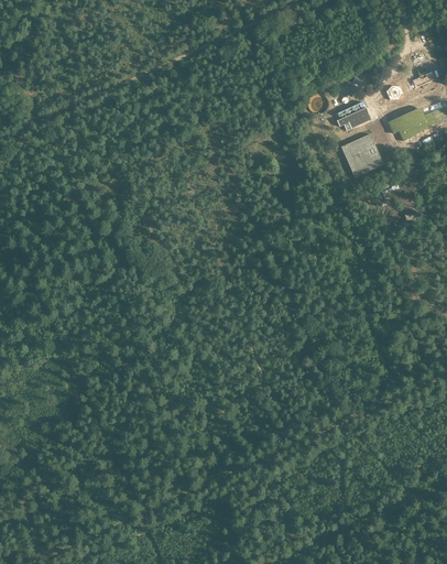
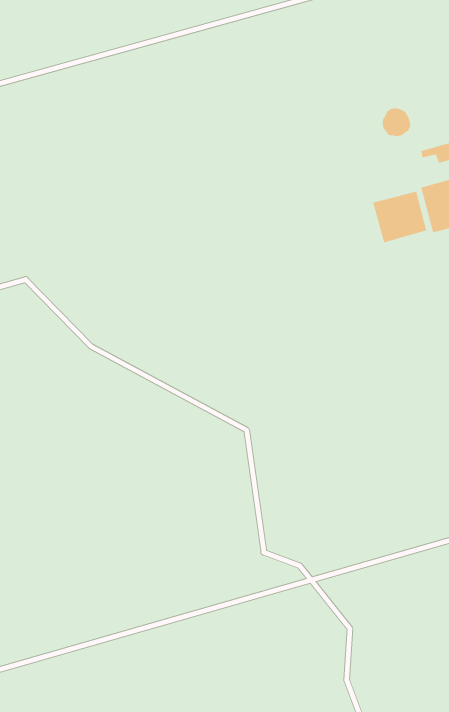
building: none -> [373,191,427,243]

